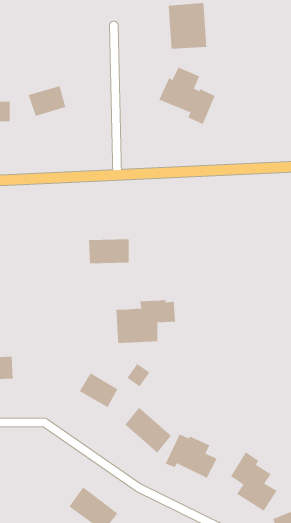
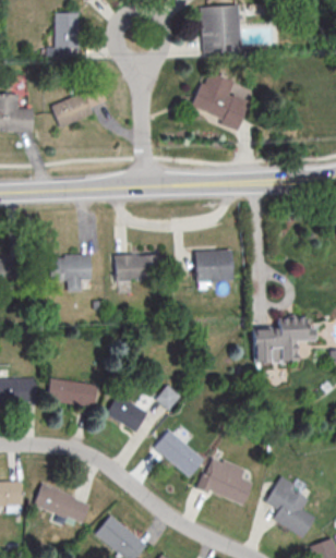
building: none -> [48,12,80,57]
building: none -> [194,252,232,284]
building: none -> [50,255,92,292]
building: [116,300,176,344] -> [252,319,315,365]
building: none -> [47,377,97,408]
building: none -> [34,484,89,523]

